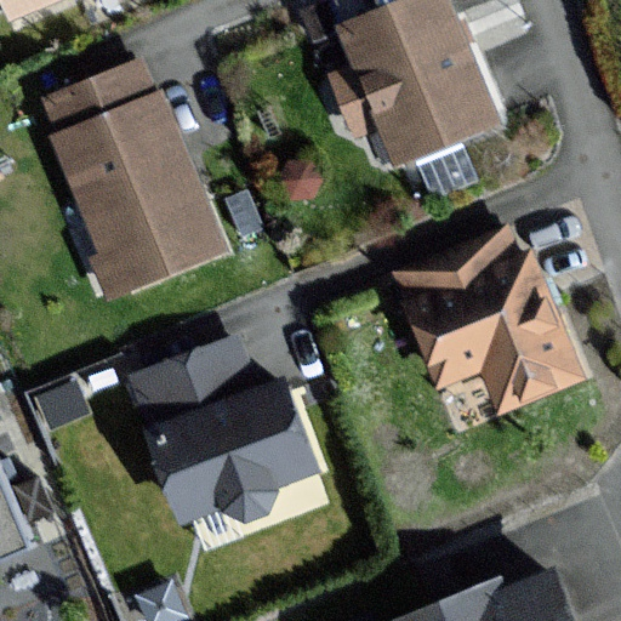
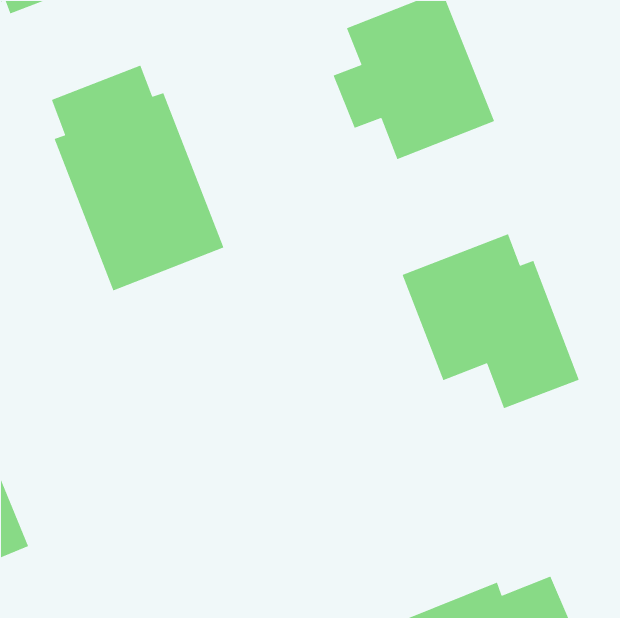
building: [135,342,318,525] -> none

